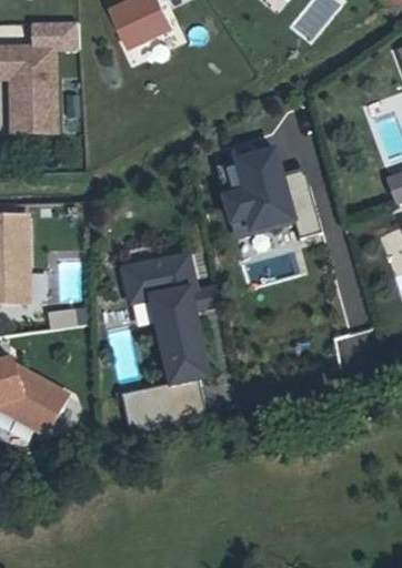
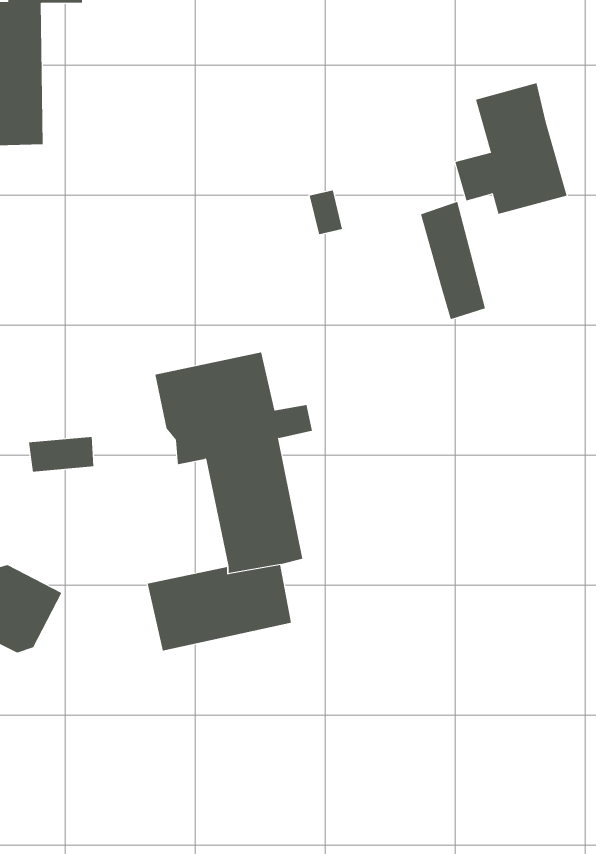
building: [222,150,289,227] -> [454,83,567,215]

